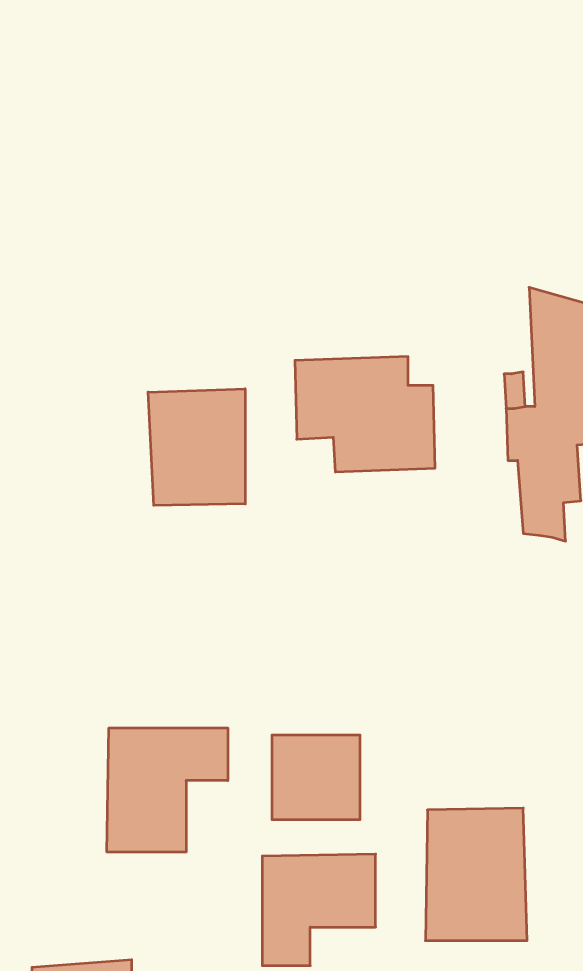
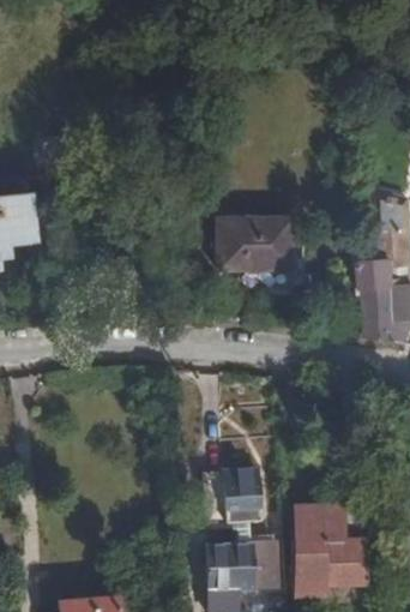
building: [148,389,245,505] -> none
building: [107,728,228,852] -> none

